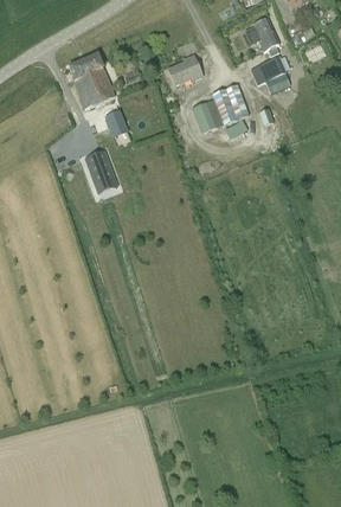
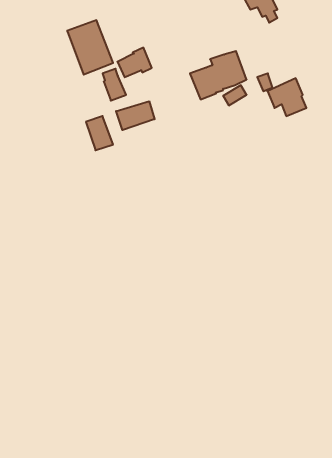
building: [168,56,202,85] -> [117,48,152,77]
building: [251,56,290,94] -> [267,78,306,116]
building: none -> [116,101,155,130]

